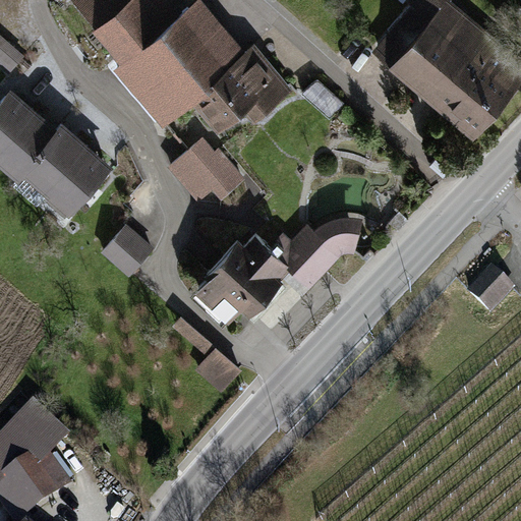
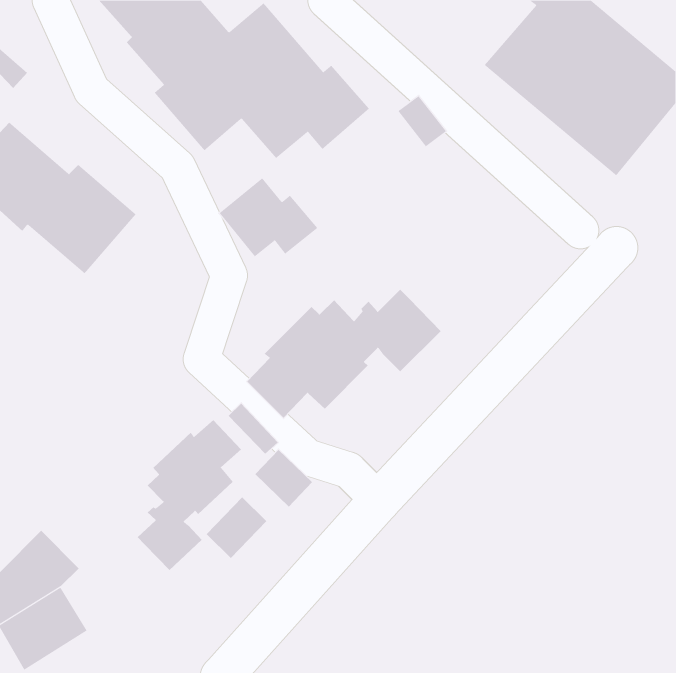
building: [314,218,363,257] -> none
building: [100,230,147,277] -> none
building: [466,269,515,317] -> none
building: none -> [137,419,242,571]
building: none -> [206,496,267,559]

